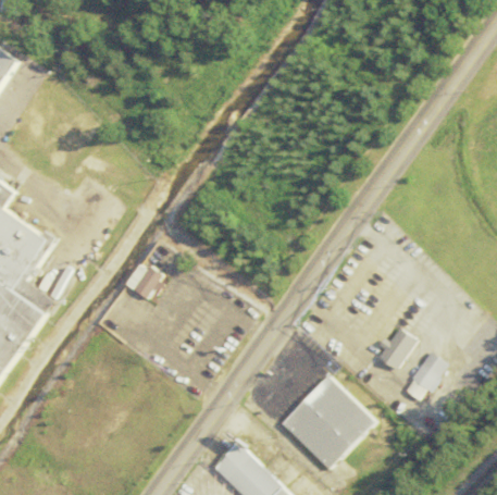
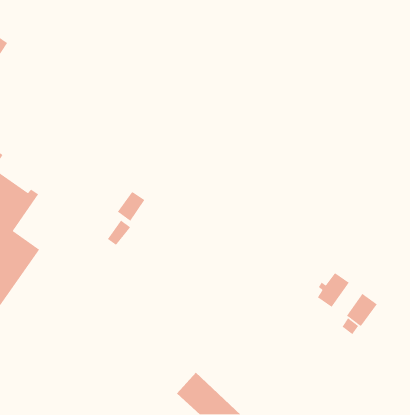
building: none -> [117,191,145,222]
building: [281,375,373,468] -> none

